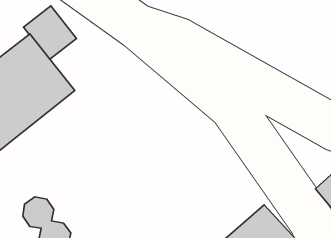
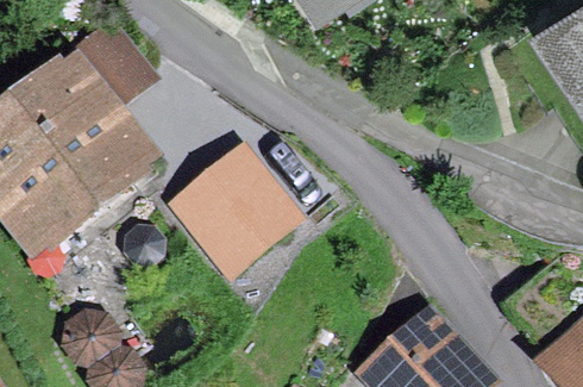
building: none -> [180,160,293,273]

